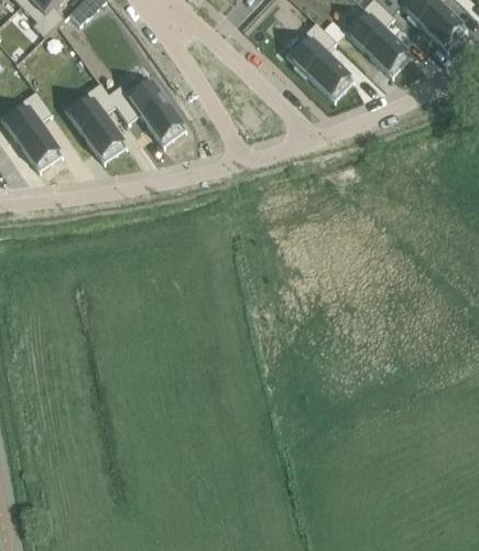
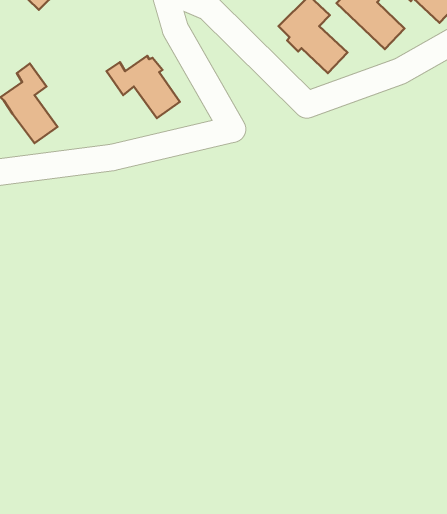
building: [69,77,126,158] -> none

